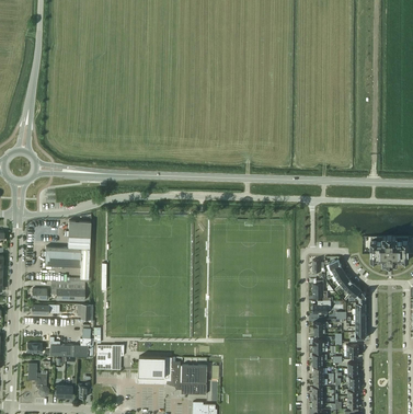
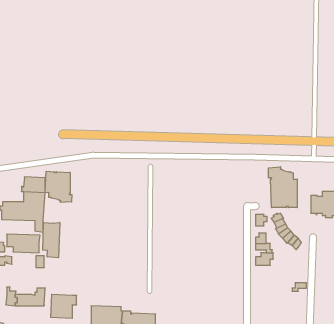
building: none -> [269,167,297,208]
building: none -> [45,171,72,202]
building: none -> [43,222,60,258]

